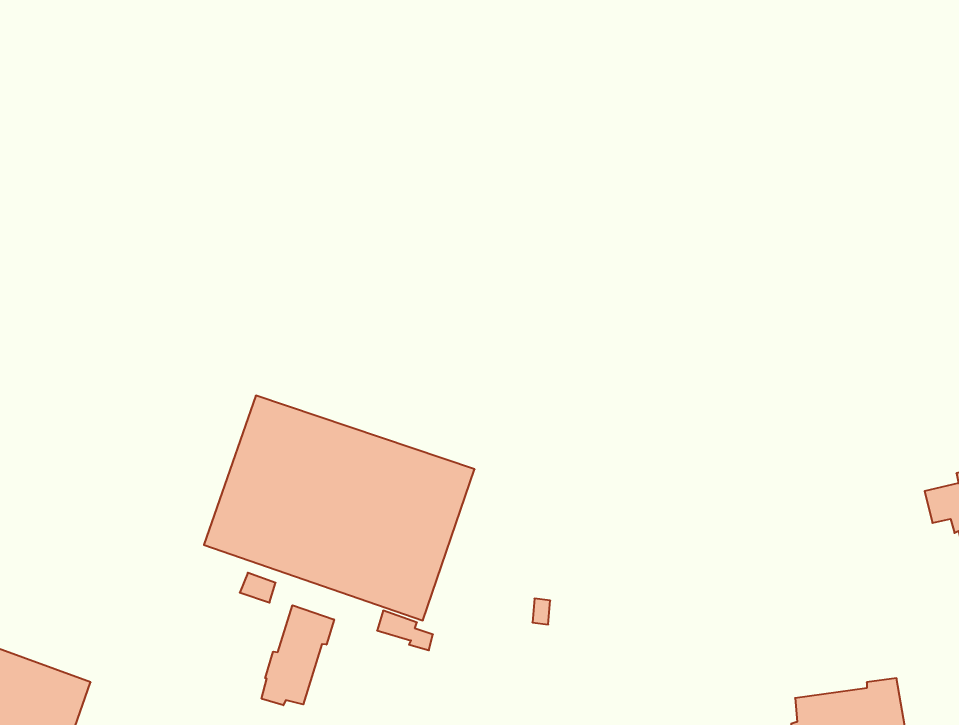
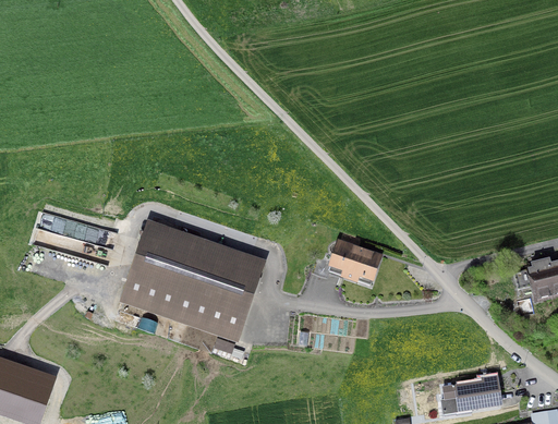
building: none -> [328,238,383,282]
building: [262,605,334,705] -> none

